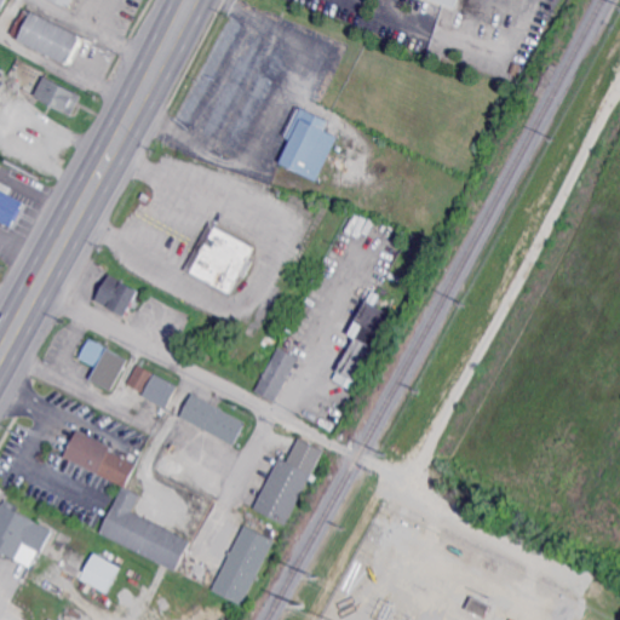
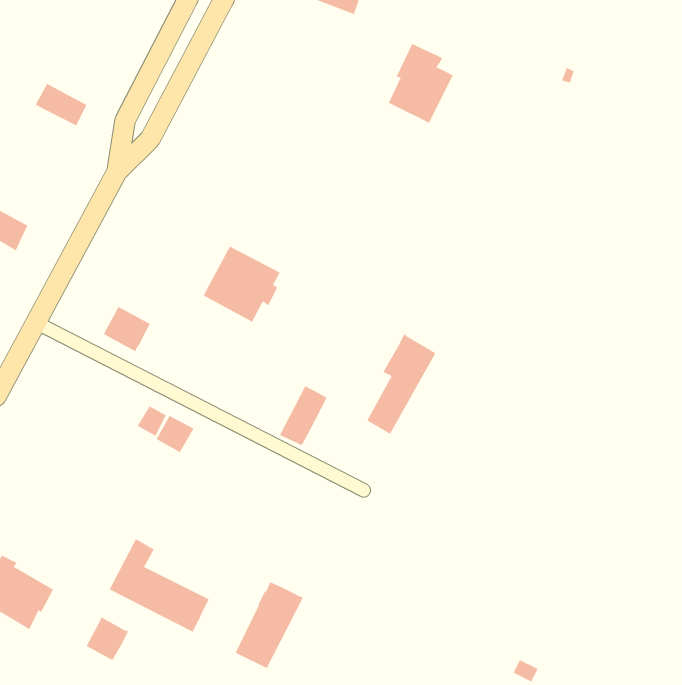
building: [7,8,80,65] -> none
building: [276,108,335,180] -> [388,43,454,124]
building: [76,339,125,391] -> none
building: [178,394,242,446] -> none
building: [63,429,134,486] -> none
building: [251,438,321,524] -> none

